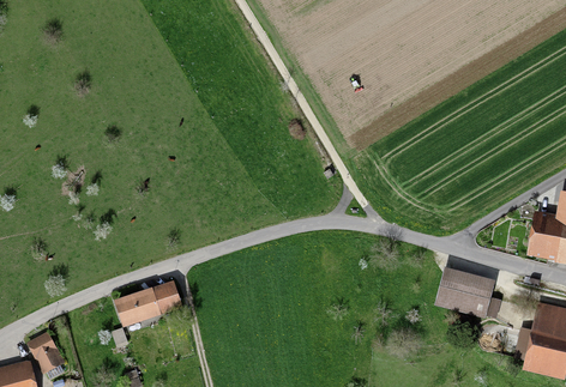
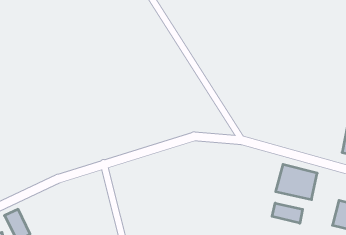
building: [114,279,183,327] -> none
building: none -> [272,203,303,223]

